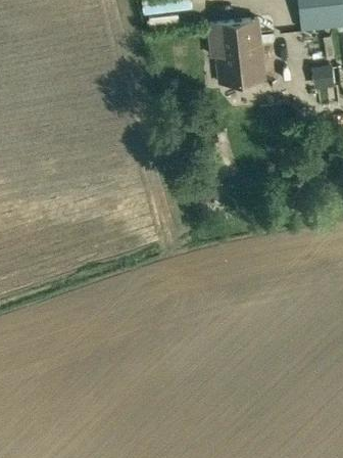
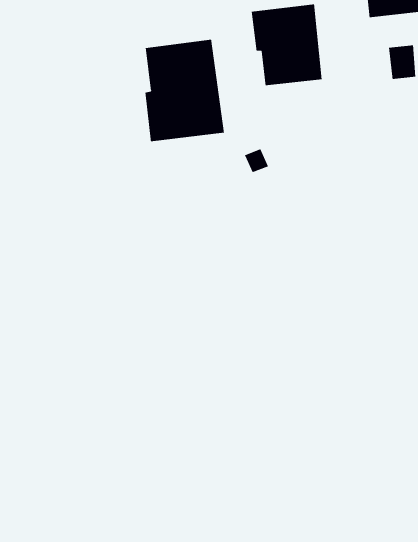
building: none -> [145,39,224,142]

